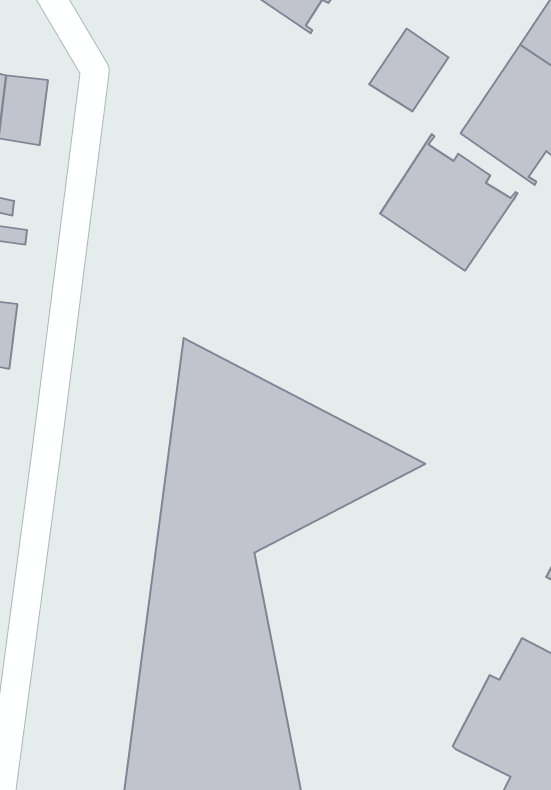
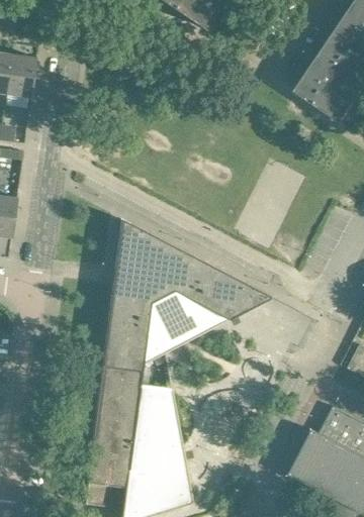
building: [369,29,449,112] -> none
building: [380,134,517,271] -> none

